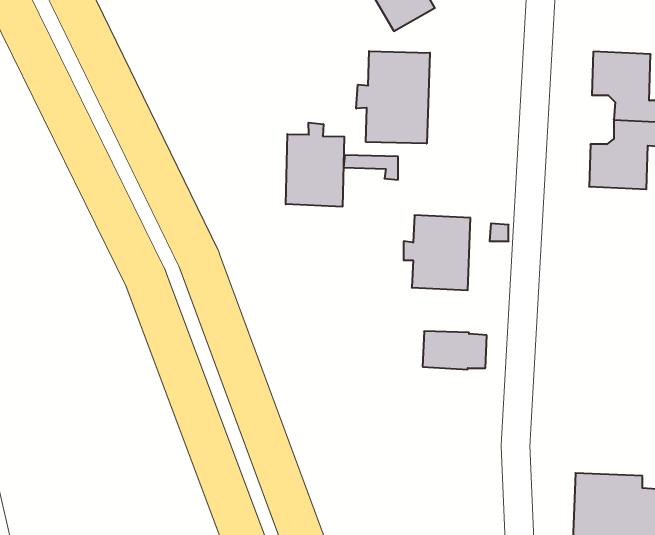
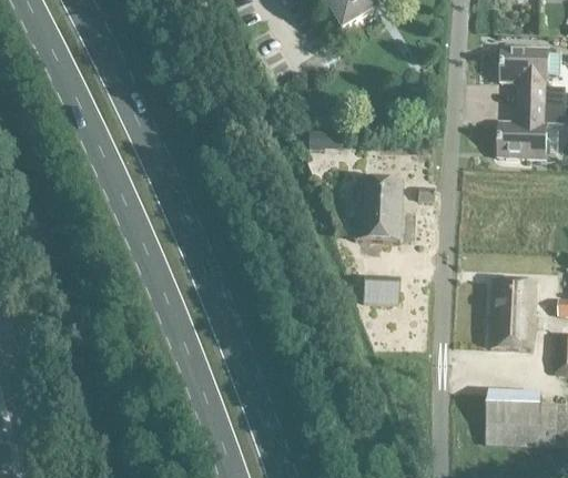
building: [356,51,430,144] -> none
building: [286,123,344,207] -> none
building: none -> [490,282,536,349]

